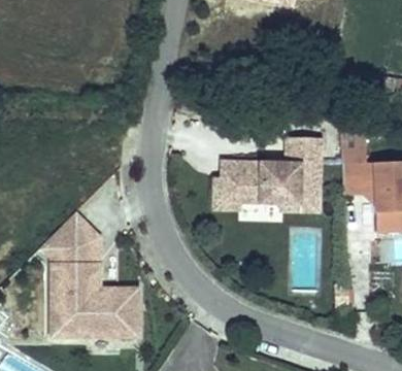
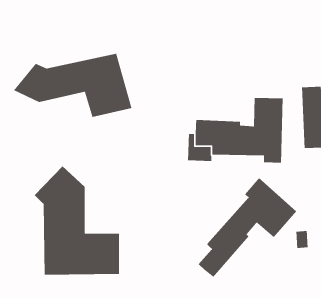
building: none -> [13,53,133,118]
building: none -> [198,177,297,278]

